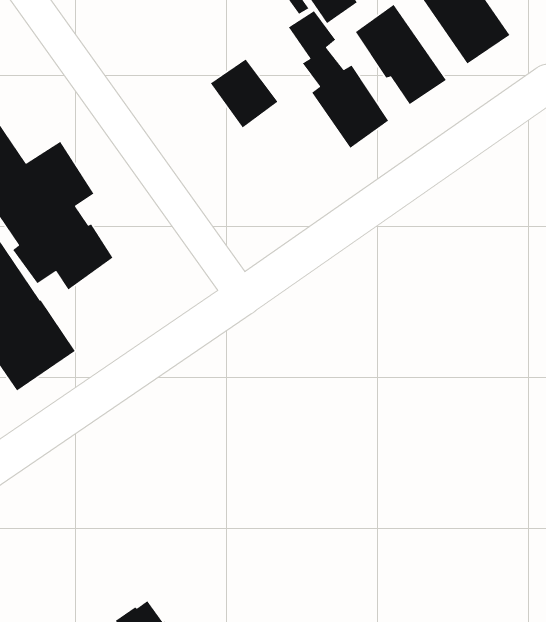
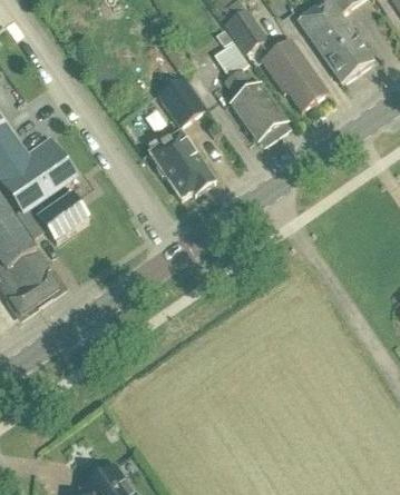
building: none -> [147,129,214,198]

